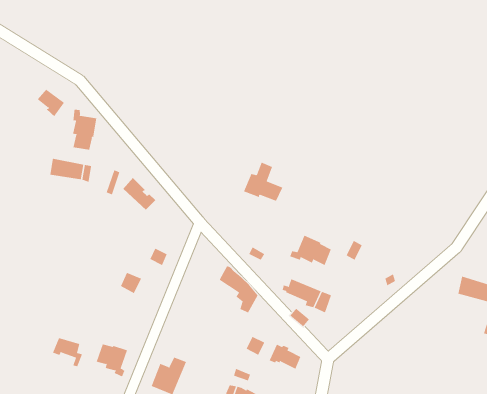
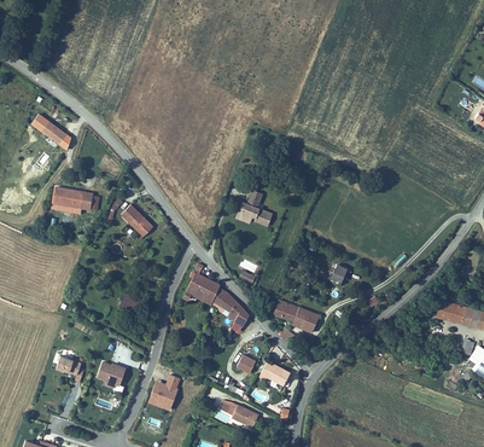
building: [72,109,97,151] -> none
building: [290,235,332,266] -> none
building: none -> [181,263,220,306]

